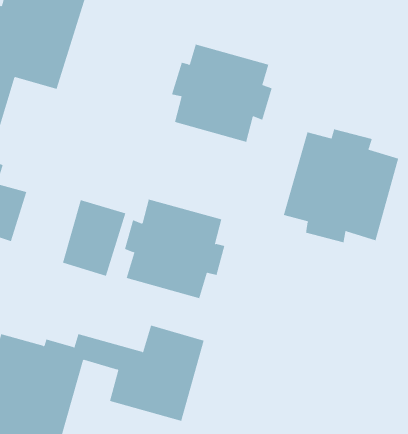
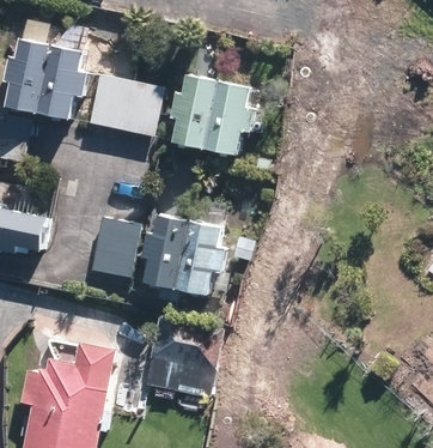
building: none -> [85,75,163,139]
building: [283,129,399,243] -> none

